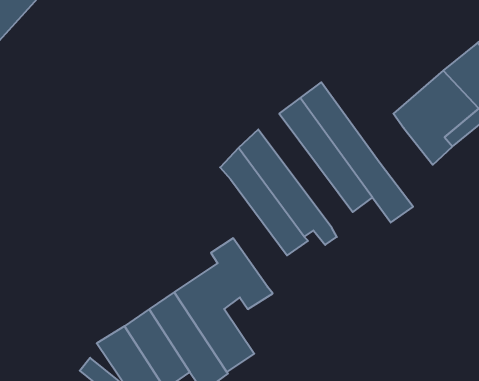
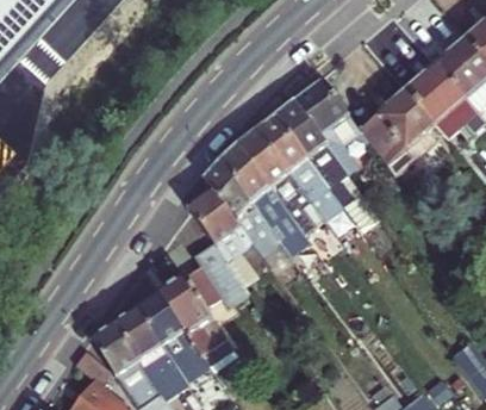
building: none -> [293,77,368,173]
building: none -> [236,128,314,231]
building: none -> [187,187,269,285]

